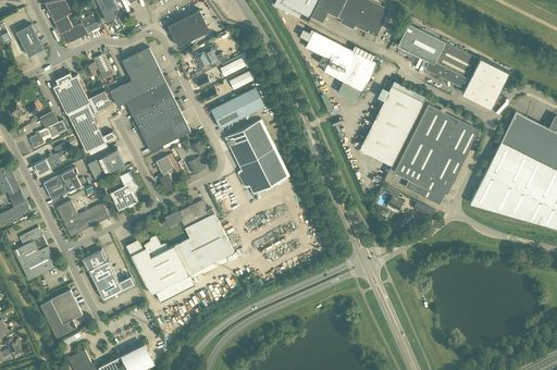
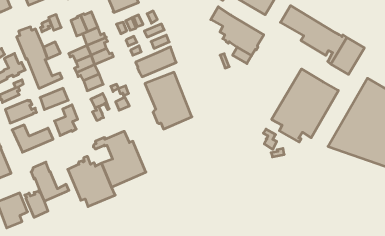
building: [109,77,145,107] -> none
building: [358,85,422,165] -> none
building: [157,104,189,141] -> none
building: none -> [25,191,48,217]

